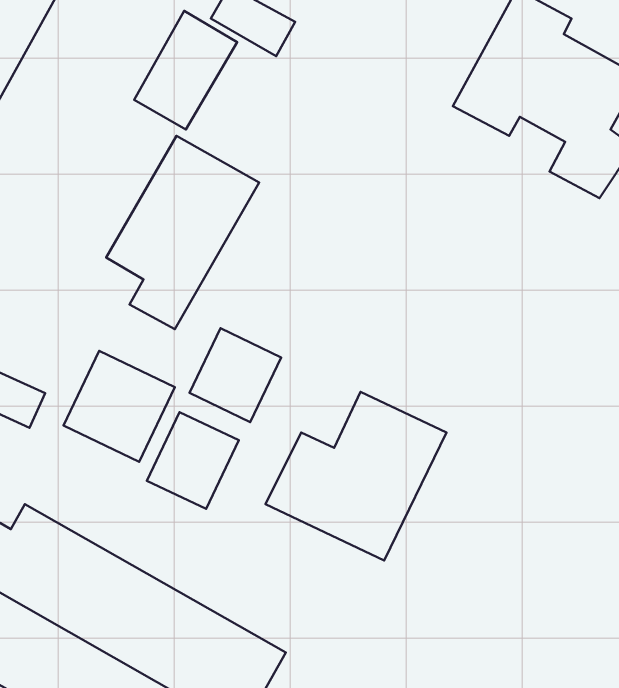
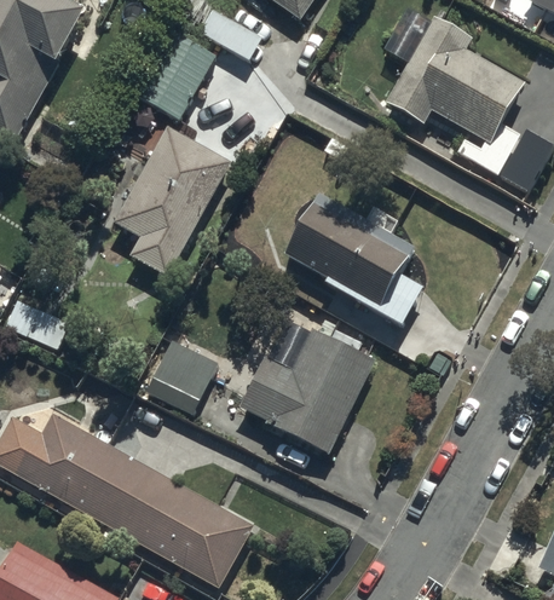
building: none -> [281,192,423,327]
building: [189,328,281,422] -> none
building: [63,351,175,462] -> none

